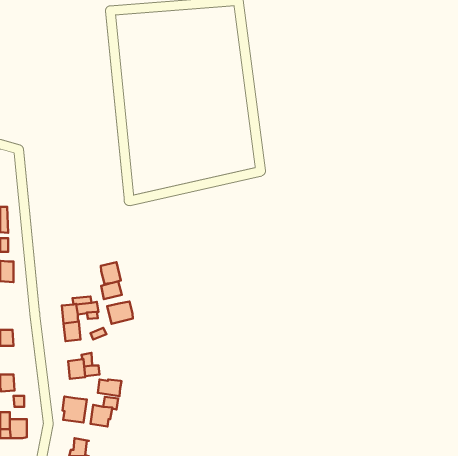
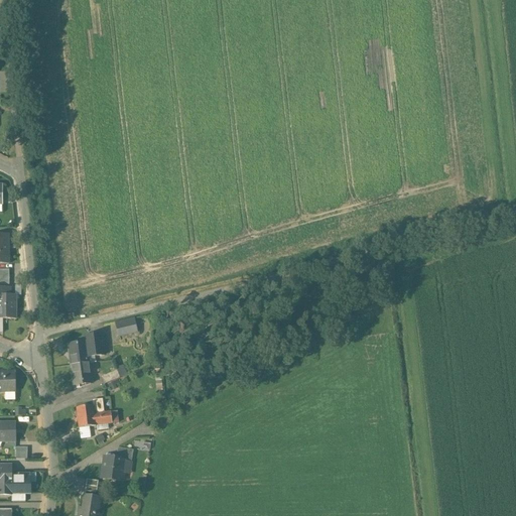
building: [101,262,121,284] -> none
building: [107,302,133,324] -> none
building: [98,379,122,396] -> none
building: [62,396,87,422] -> none

